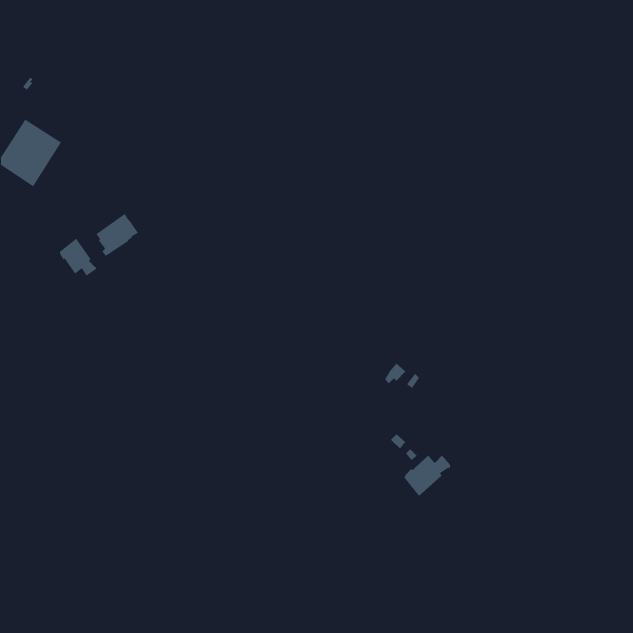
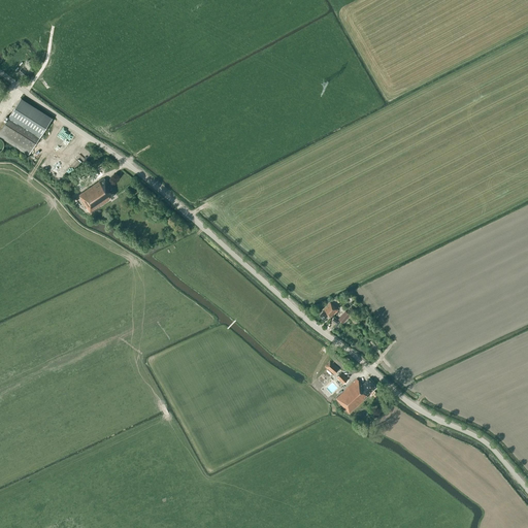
building: [59,238,97,277] -> none

